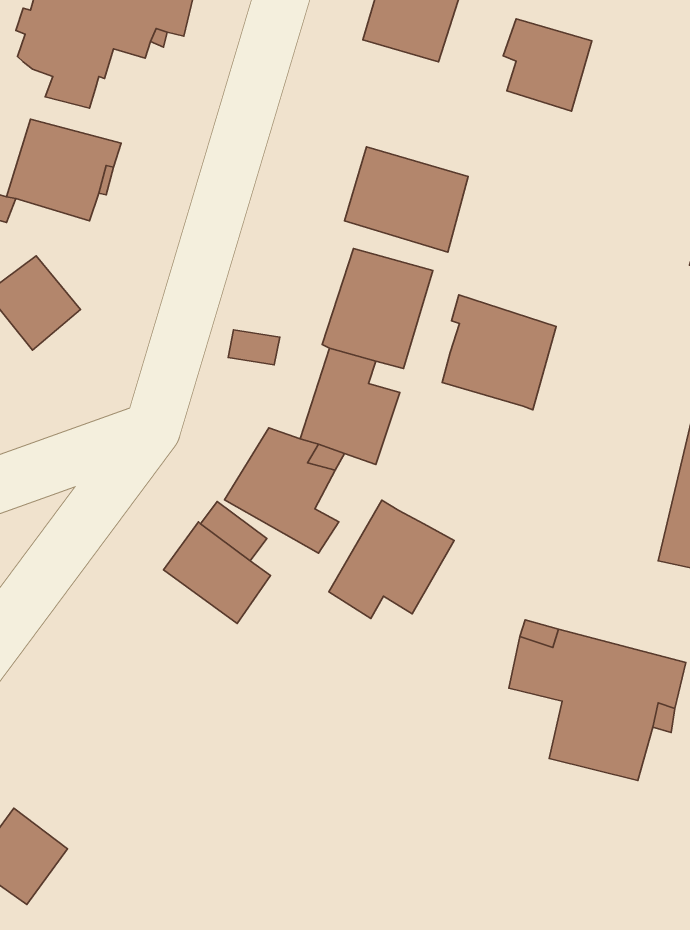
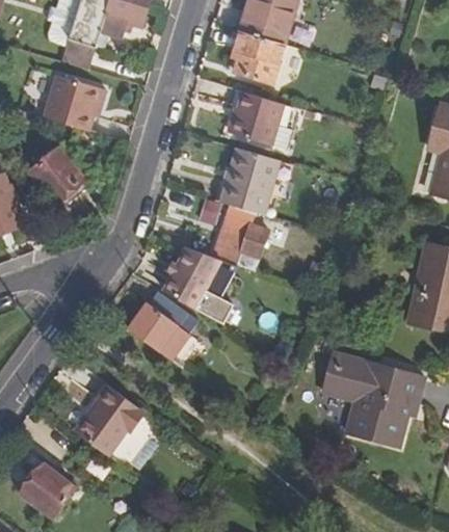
building: [503,19,592,111] -> [234,28,284,80]
building: [442,295,556,410] -> none
building: [329,500,454,619] -> none
building: none -> [78,382,144,455]

